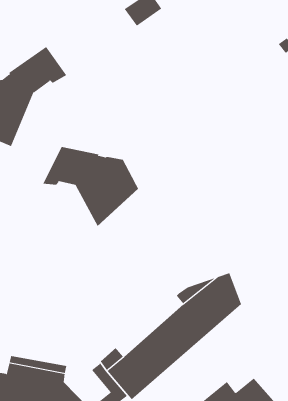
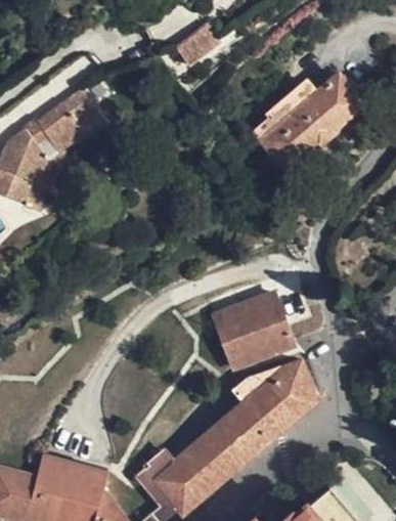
building: none -> [259,77,360,171]
building: [42,146,139,227] -> none
building: none -> [214,292,294,367]

